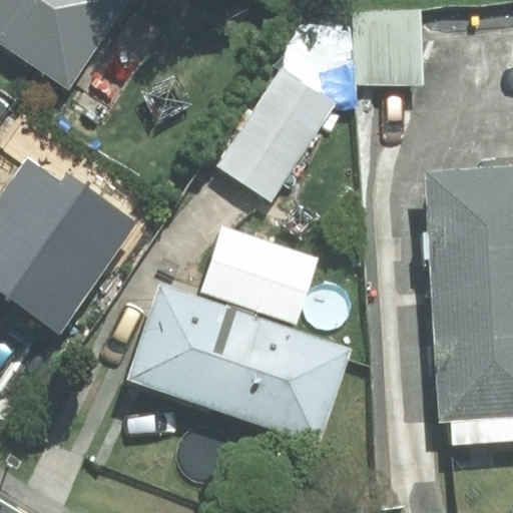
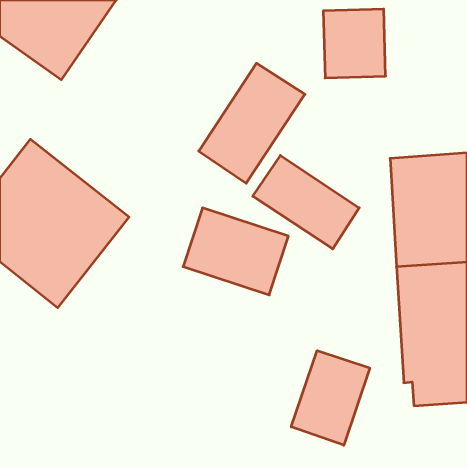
building: none -> [253,155,359,249]
building: [127,287,349,443] -> none
building: none -> [291,351,370,445]

